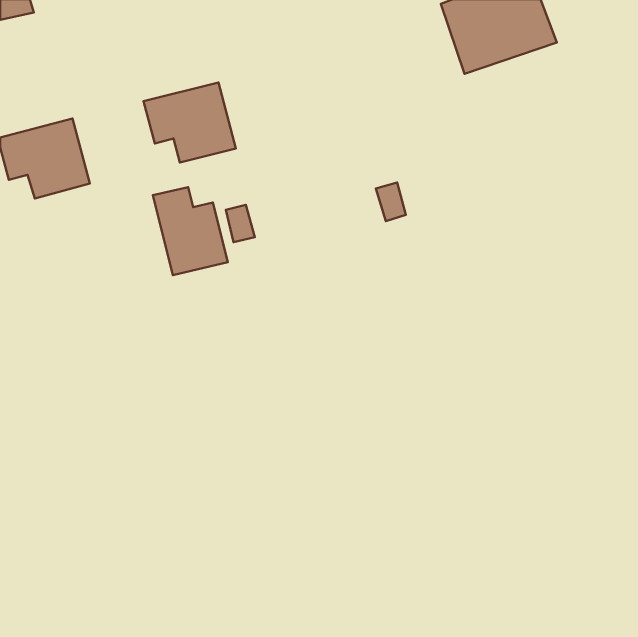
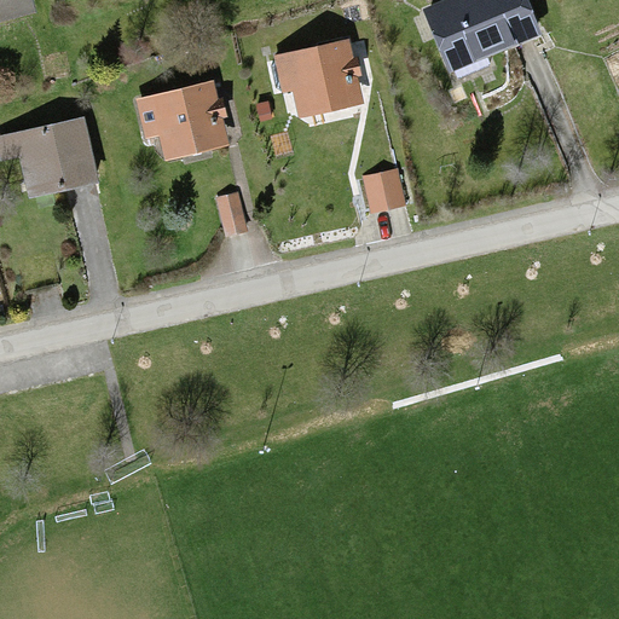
building: none -> [274,39,364,116]
building: [153,187,228,275] -> none

